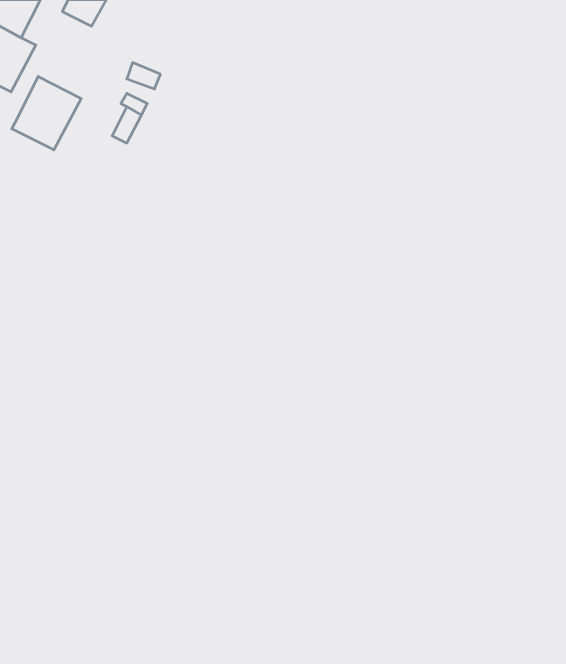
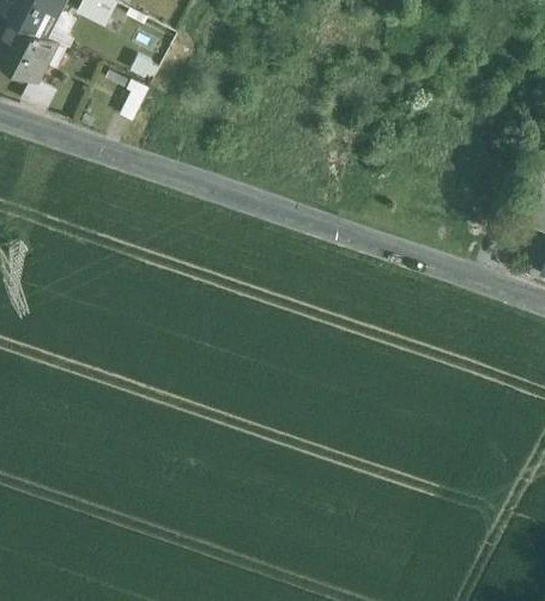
building: [12,76,81,150] -> none

